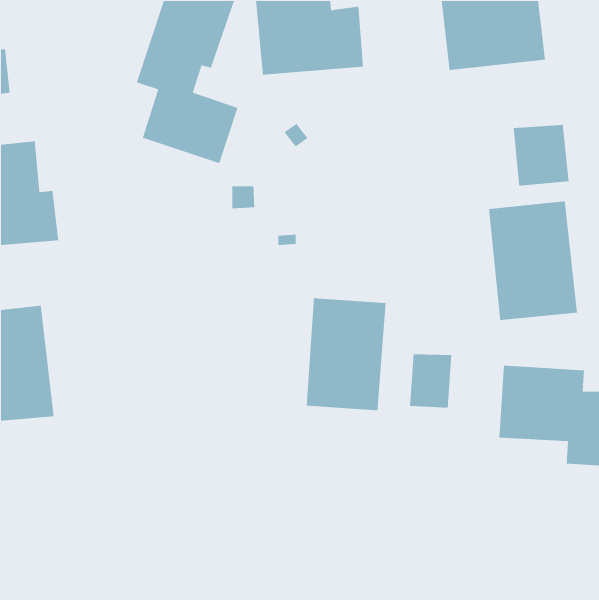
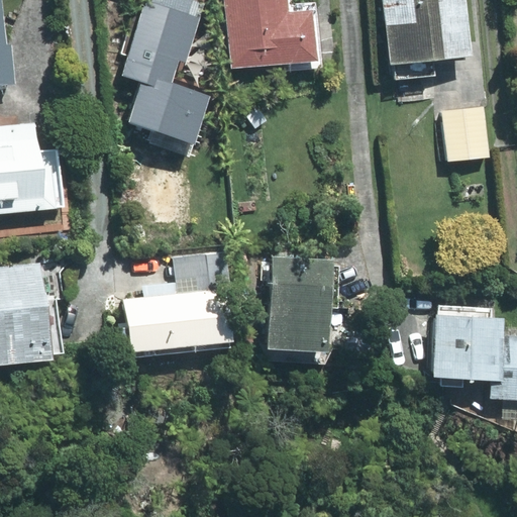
building: [488,201,578,321] -> none
building: none -> [128,252,231,350]
building: [409,353,452,409] -> none

